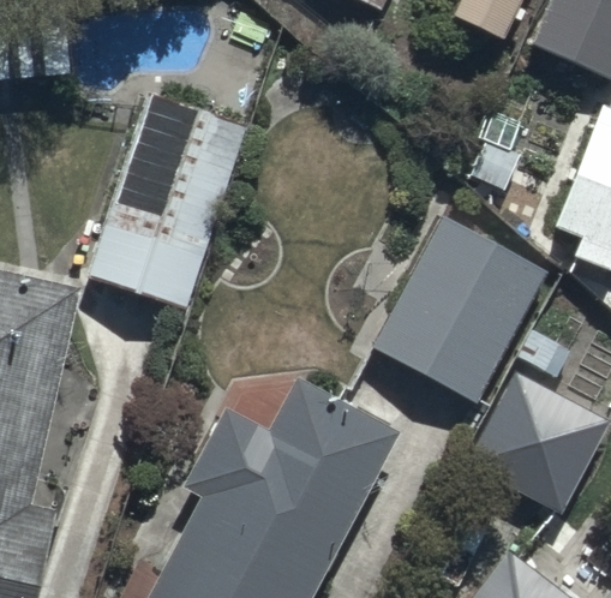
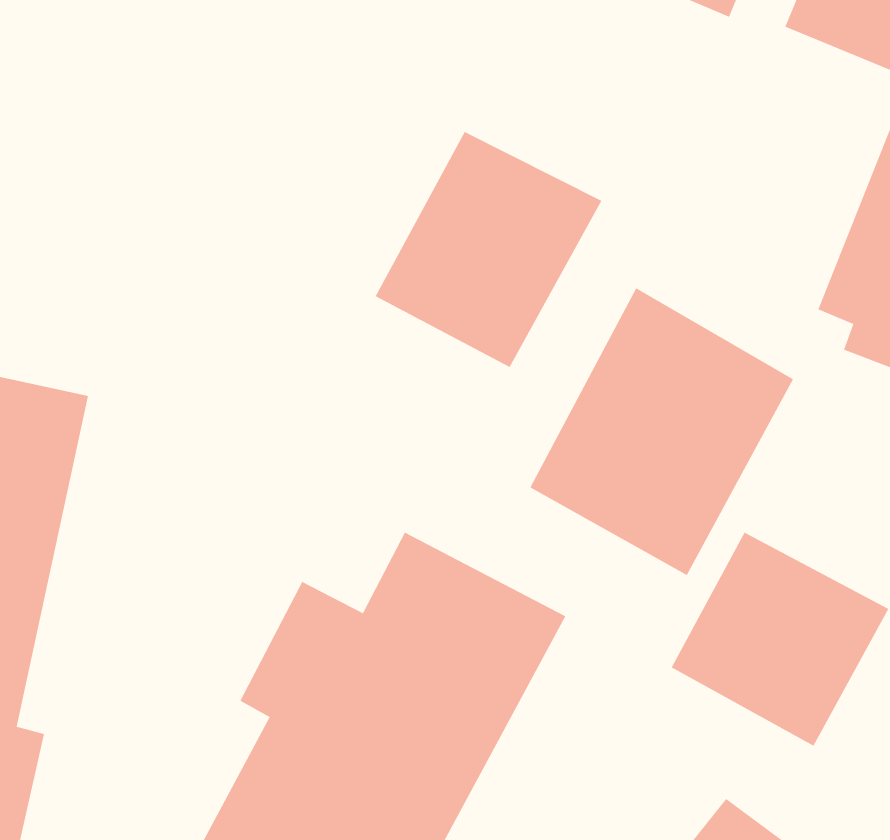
building: [88,97,245,303] -> none
building: none -> [375,131,602,368]

